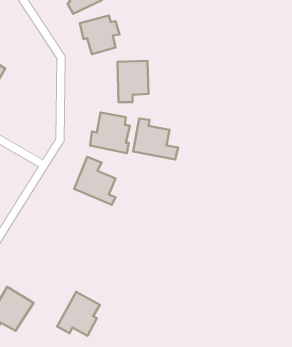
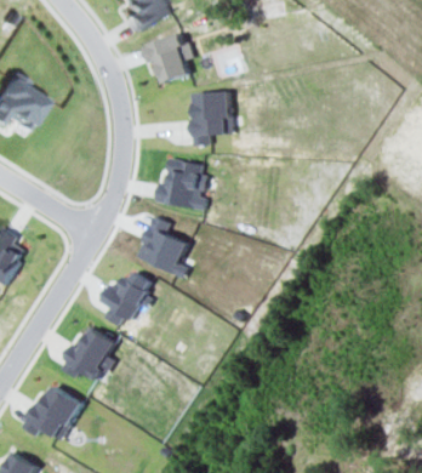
building: [133,118,178,160] -> none
building: none -> [98,270,150,329]
building: [57,292,100,336] -> [61,325,115,382]

